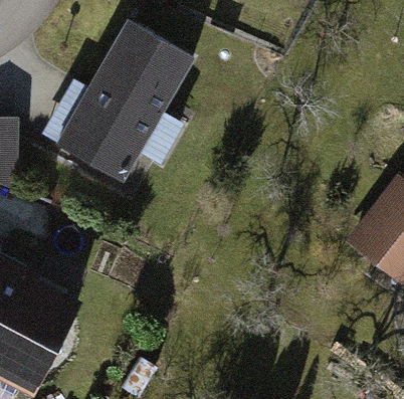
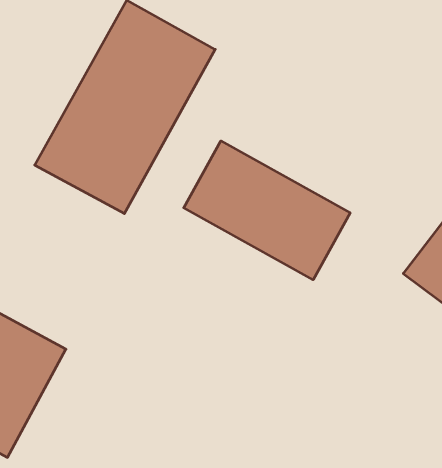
building: none -> [184,141,350,280]

